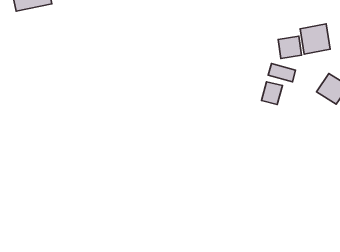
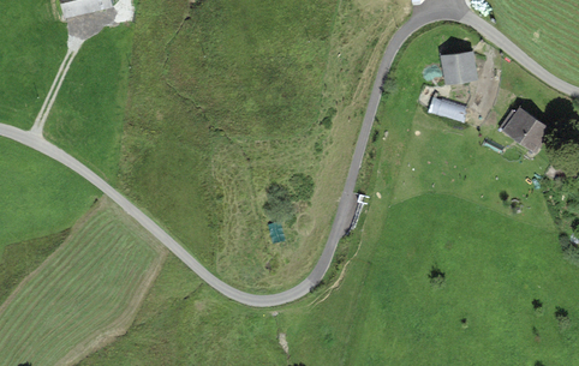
building: [300,24,330,54] -> none
building: [261,82,282,104] -> none

